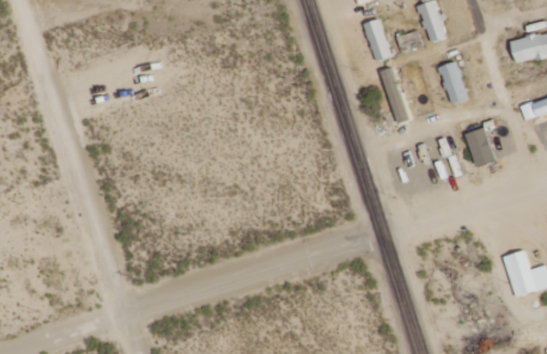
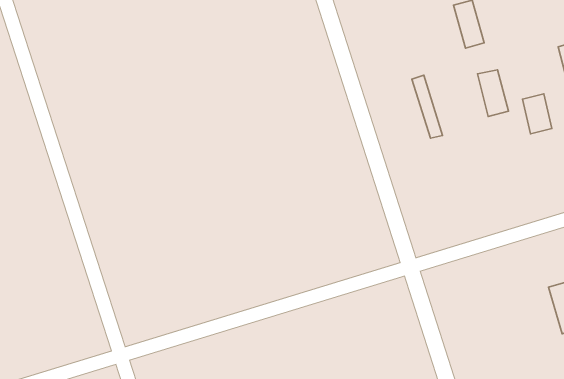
building: [364,18,393,62] -> none
building: [467,128,493,164] -> [522,94,552,134]

